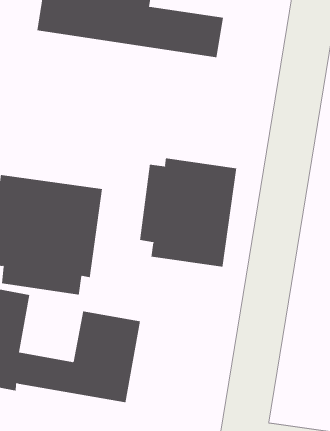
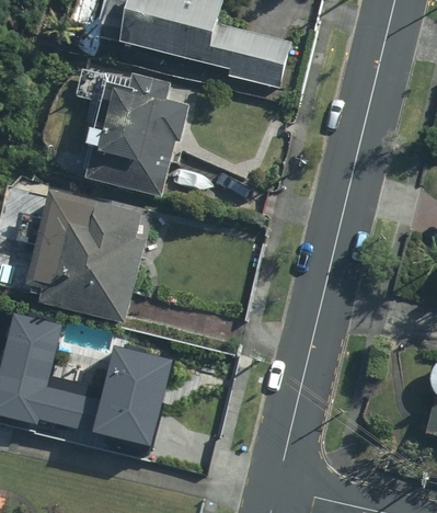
building: none -> [78,77,181,196]
building: [140,158,237,268] -> none

